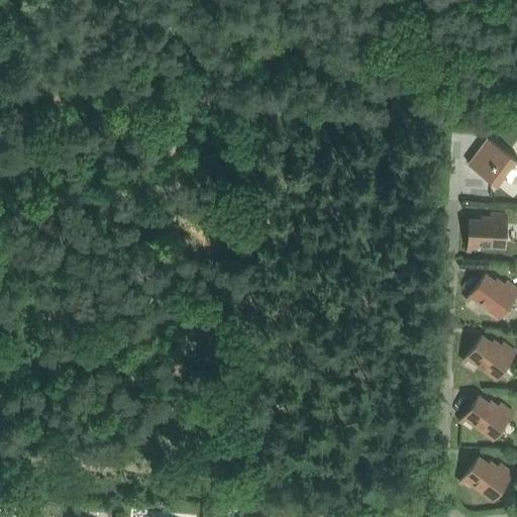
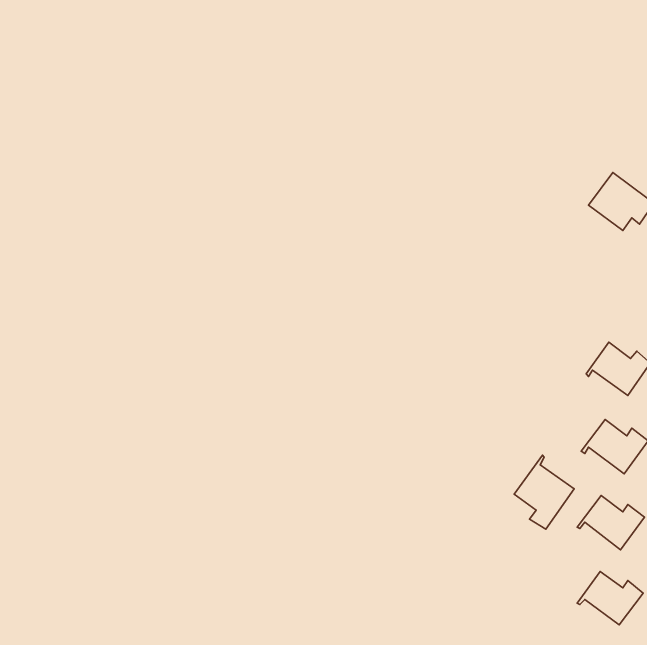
building: [469,214,508,251] -> none
building: none -> [514,455,574,529]

